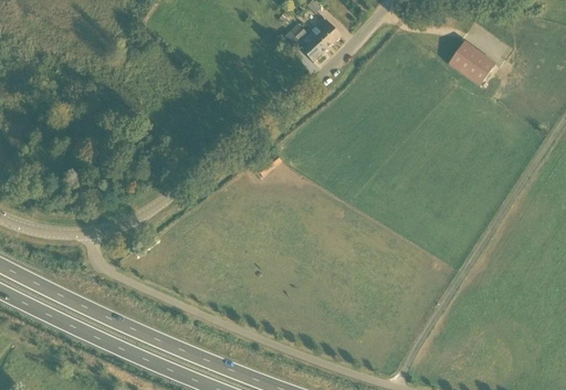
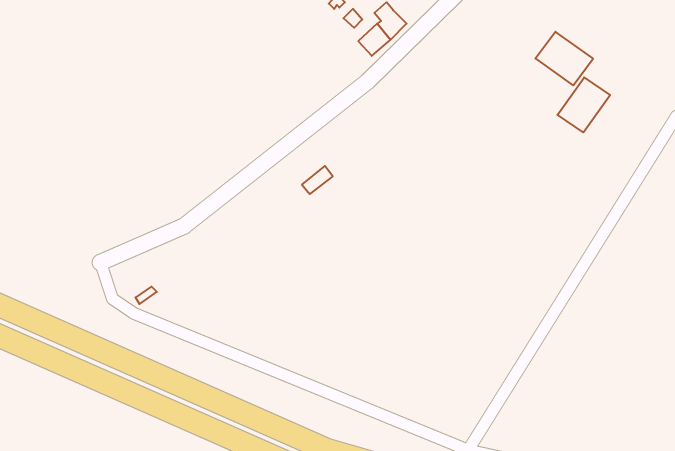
building: none -> [557,77,610,132]

